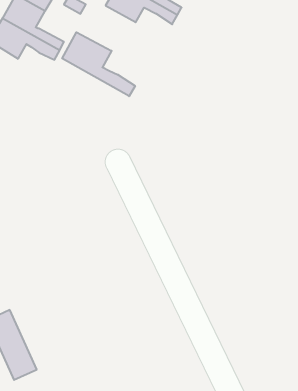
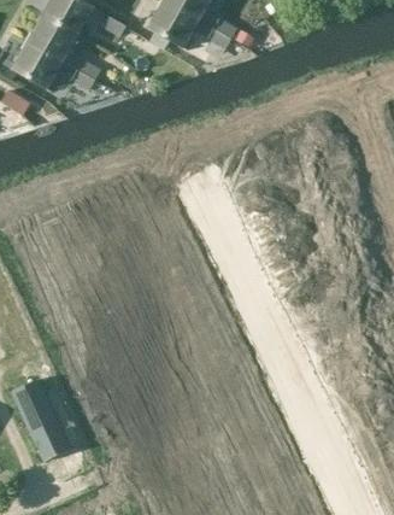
building: [62,32,135,96] -> none

